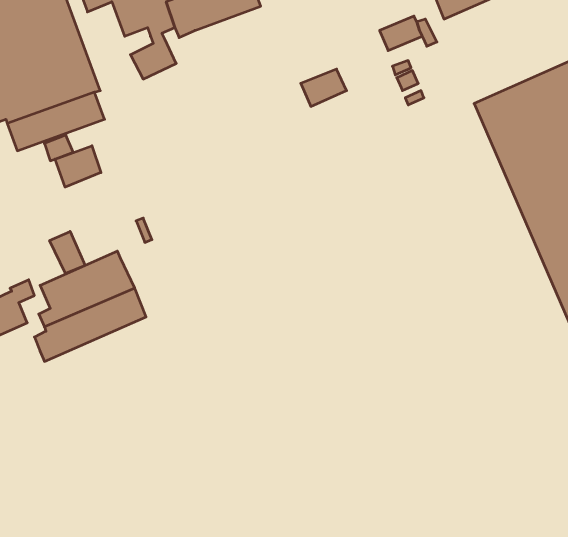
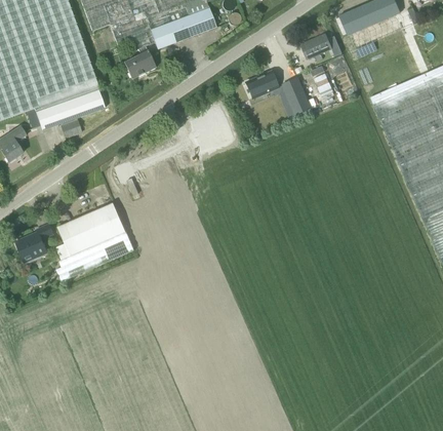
building: none -> [283,80,311,115]
building: [55,146,101,187] -> none
building: [50,231,85,274] -> none

